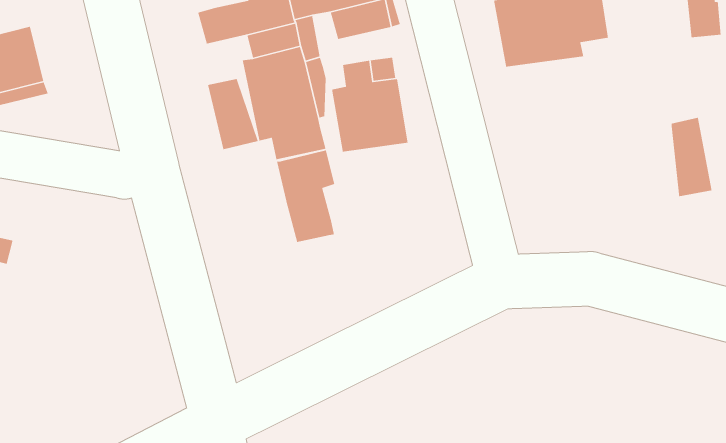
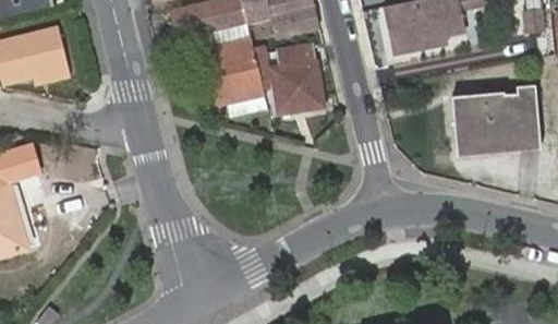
building: [207,78,259,150] -> none
building: none -> [450,95,514,156]
building: [276,149,335,243] -> none

